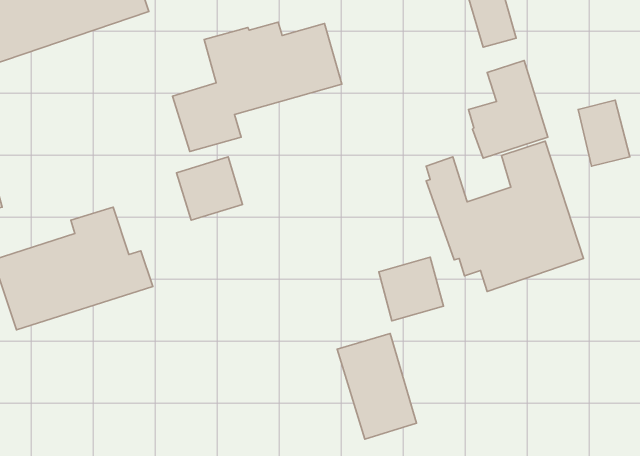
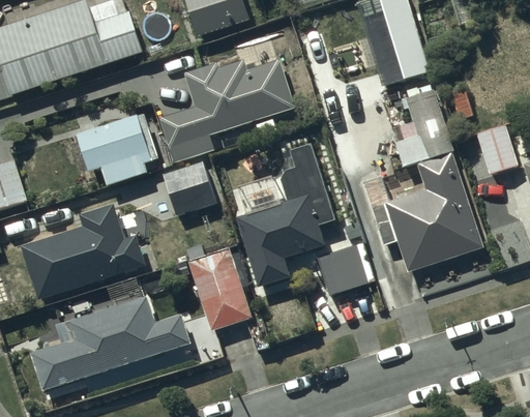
building: none -> [78,114,156,186]
building: none -> [238,142,338,286]
building: none -> [29,297,188,390]
building: [337,333,416,439] -> [188,247,251,330]

